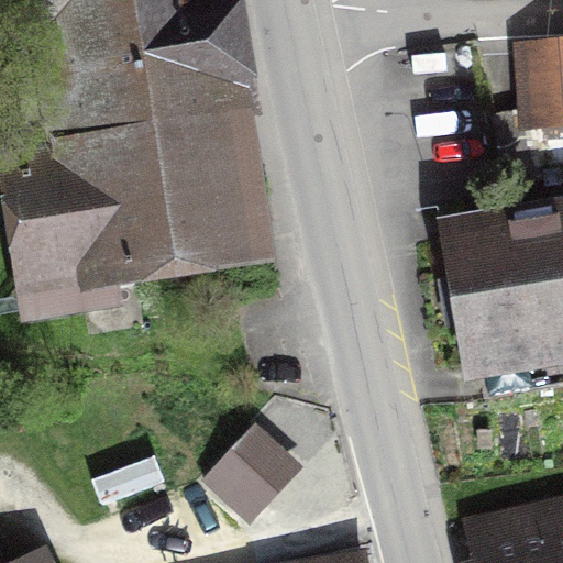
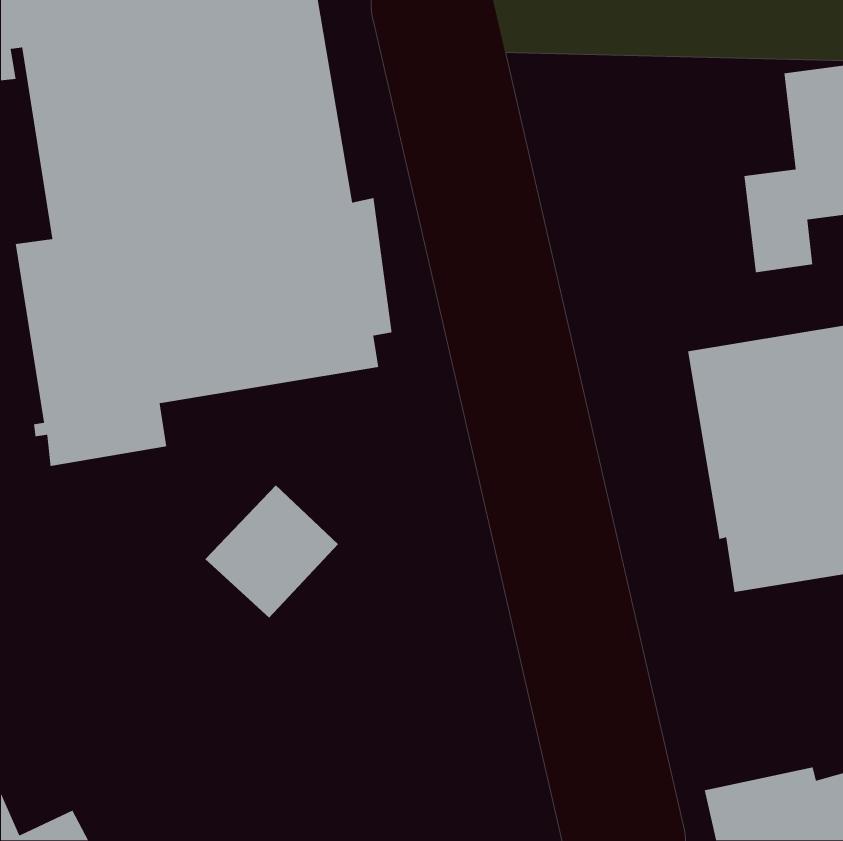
building: [206,428,295,517] -> [205,485,339,619]

